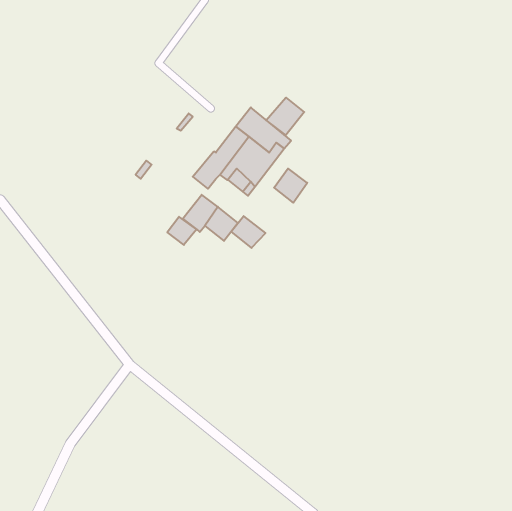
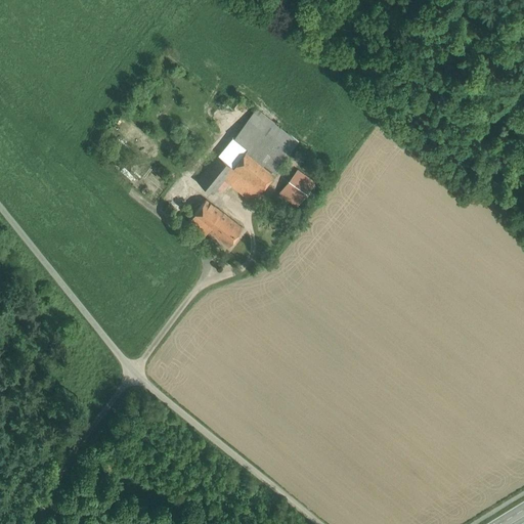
building: [266,98,304,135] -> none
building: [231,216,265,248] -> none
building: [167,217,196,245] -> none

